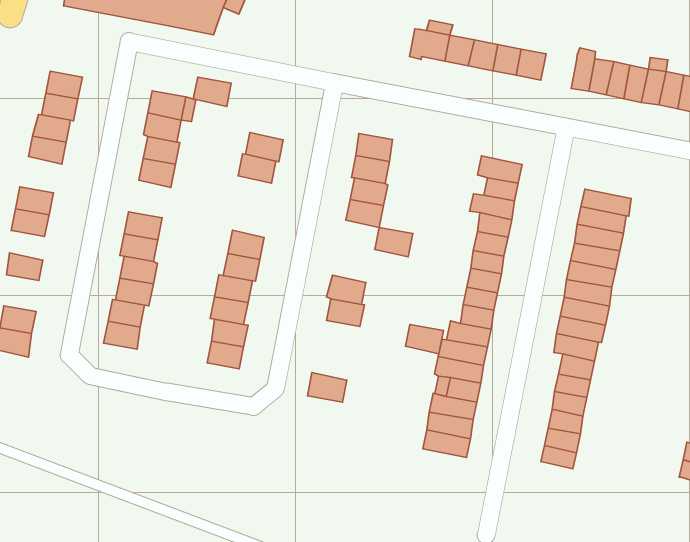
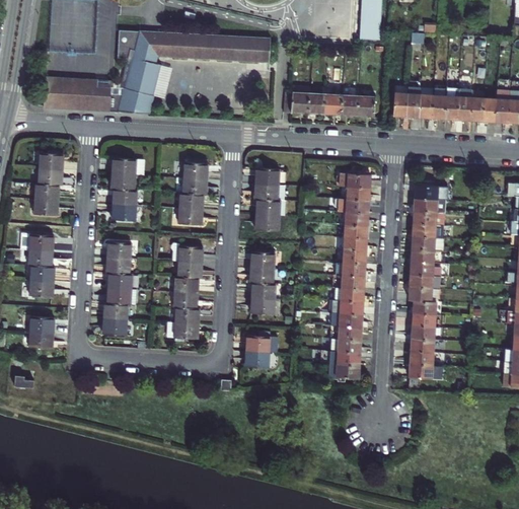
building: [193,77,231,106] -> [182,161,207,178]
building: none -> [177,207,202,224]
building: [375,227,413,257] -> [251,250,276,268]
building: none -> [30,265,55,282]
building: [405,324,443,354] -> [250,297,275,314]
building: none -> [244,350,270,367]

